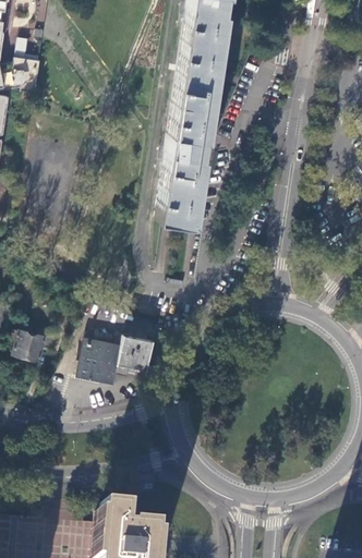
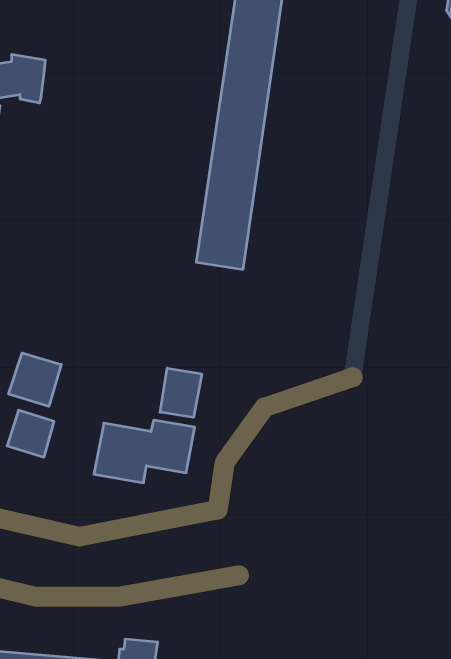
building: none -> [9,353,61,406]
building: none -> [160,368,202,417]

